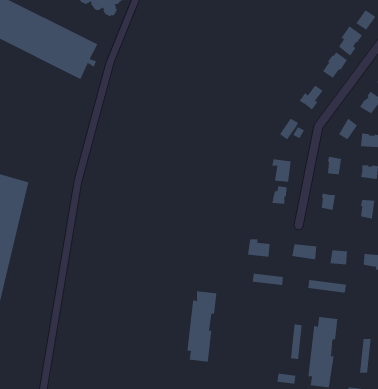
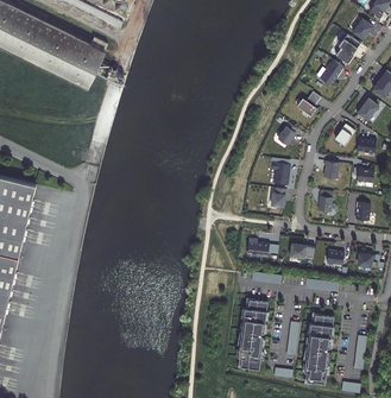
building: [186,291,217,362] -> [239,299,269,368]

